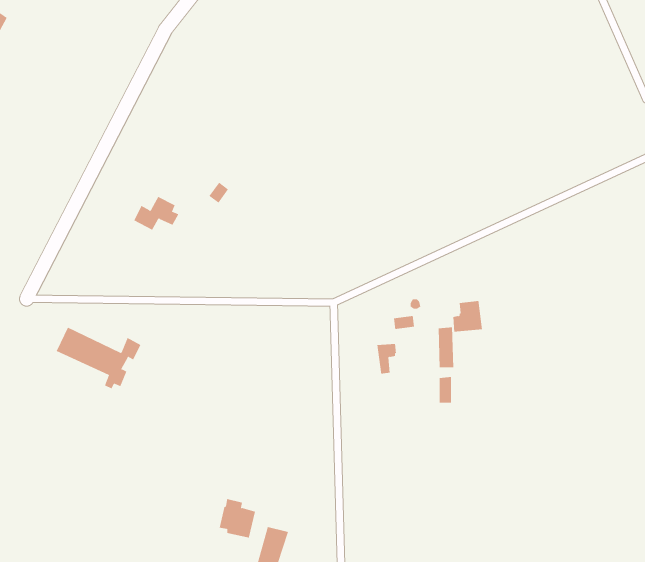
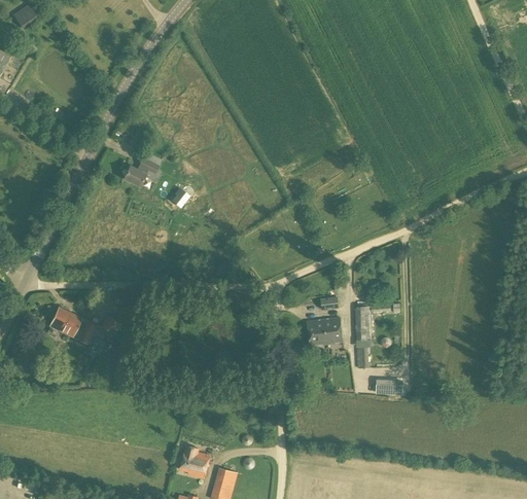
building: [134,196,179,231] -> [122,157,160,185]
building: [452,300,483,332] -> [317,317,342,343]
building: none -> [375,379,401,394]

